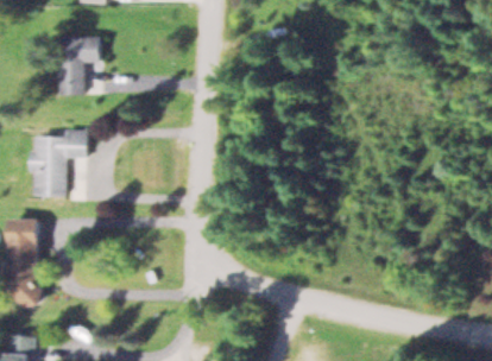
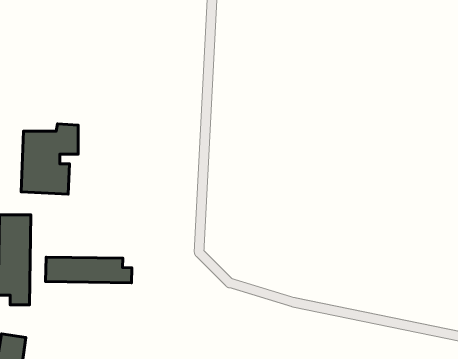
building: [57,36,99,94] -> none
building: none -> [46,257,132,283]

